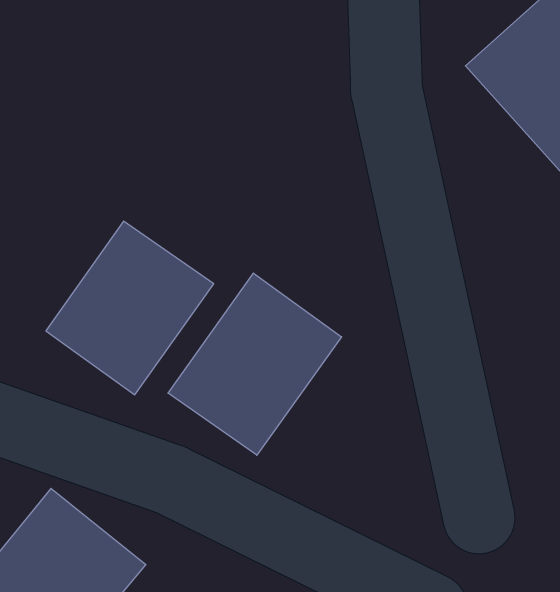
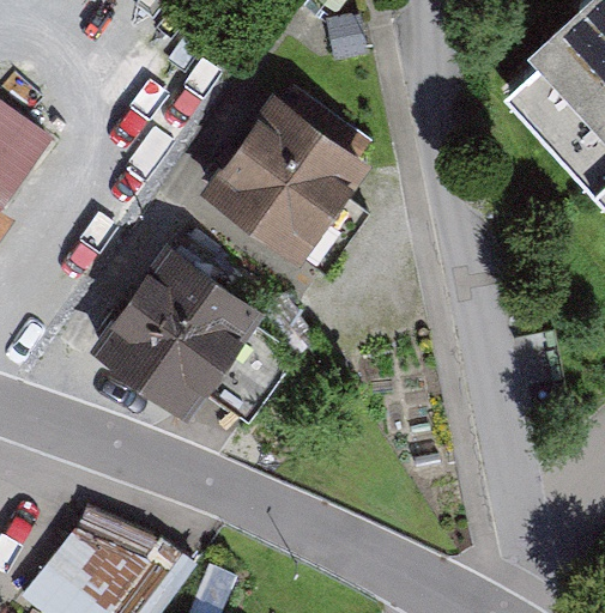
building: none -> [200,93,371,265]
building: [168,273,342,455] -> none

